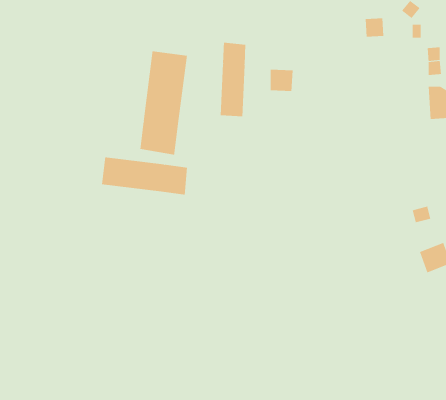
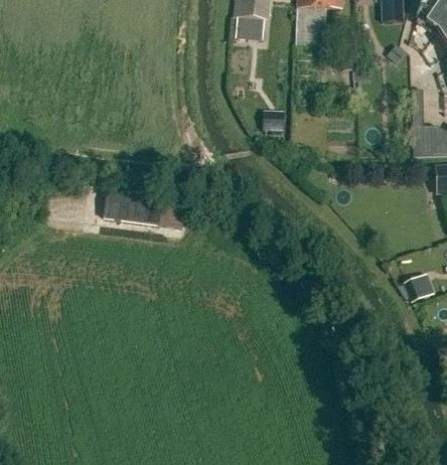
building: [220,42,246,117] -> none
building: [140,50,187,155] -> none

